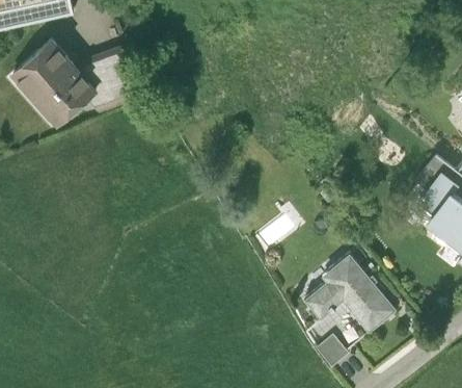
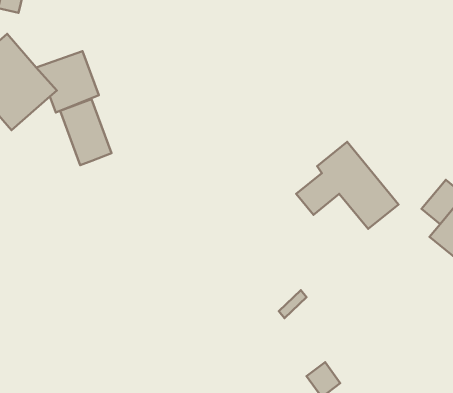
building: none -> [60,99,111,165]
building: [304,256,396,334] -> [296,142,398,229]

